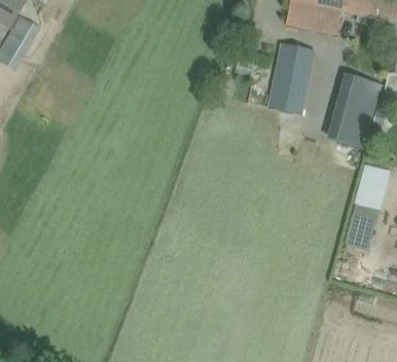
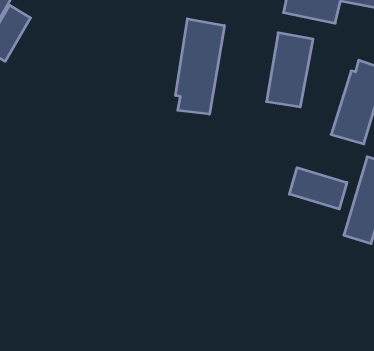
building: none -> [176,19,224,114]
building: none -> [289,168,347,209]

